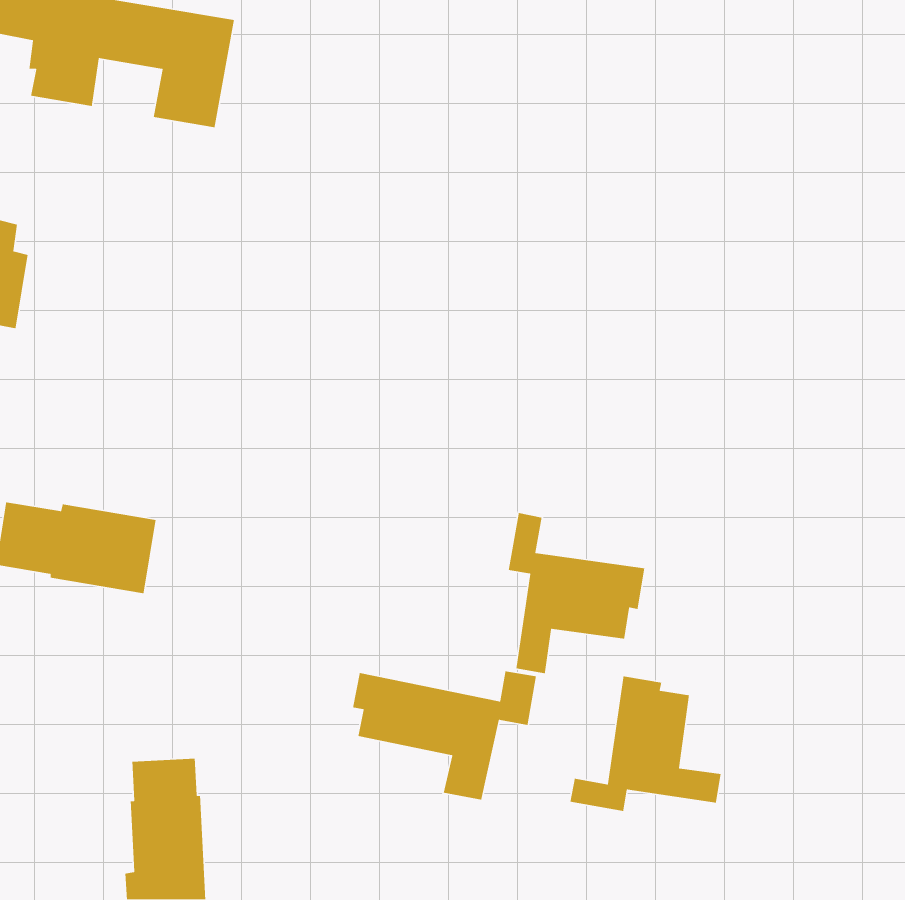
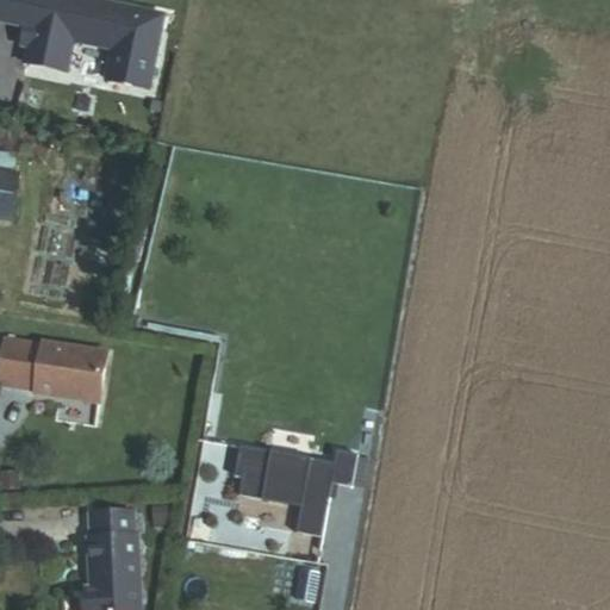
building: [508,512,645,674] -> none
building: [569,676,722,812] -> none

